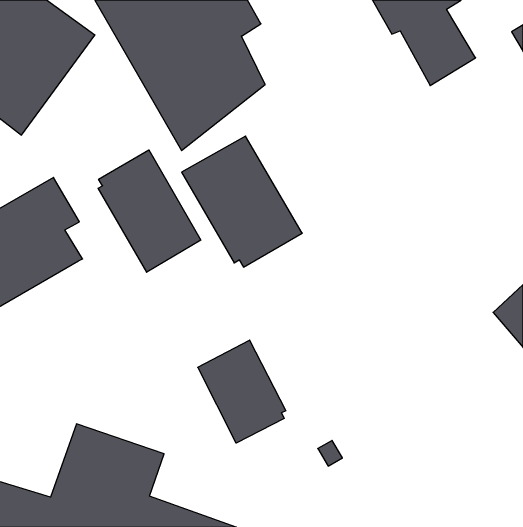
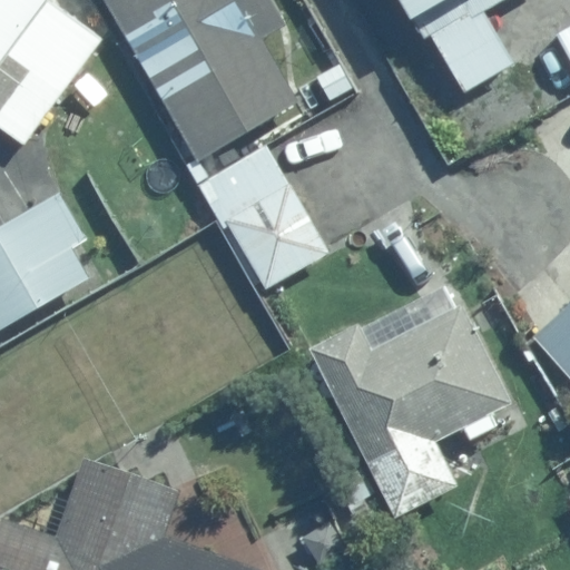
building: [98,150,201,272] -> none
building: none -> [308,286,511,519]
building: [198,340,286,443] -> none

